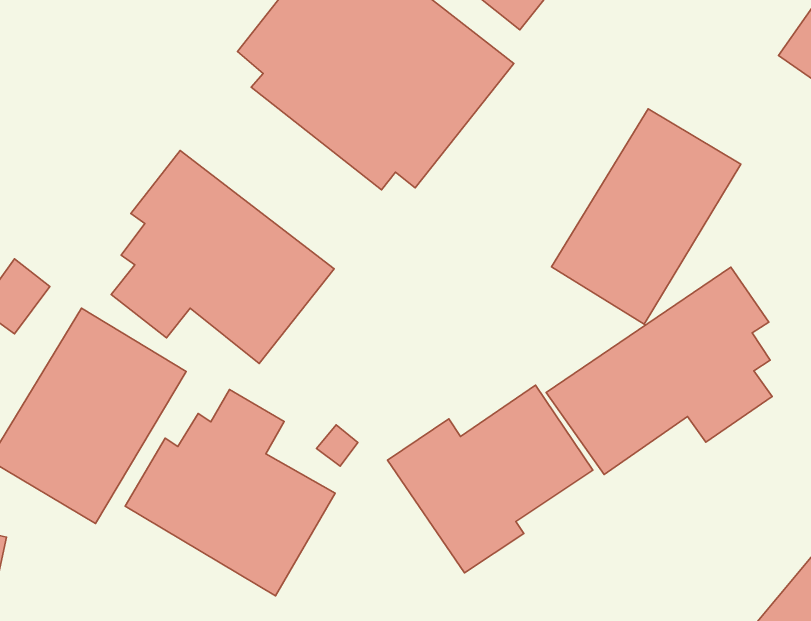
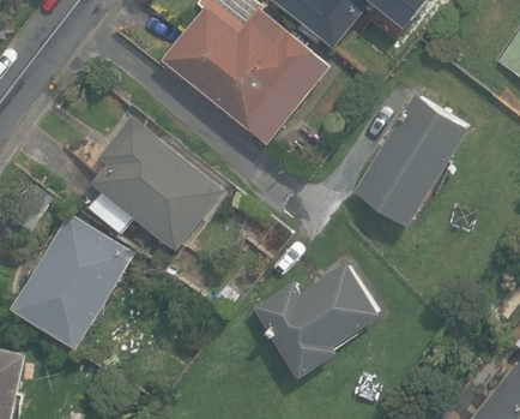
building: [546,267,772,475] -> none
building: [125,389,335,596] -> none

